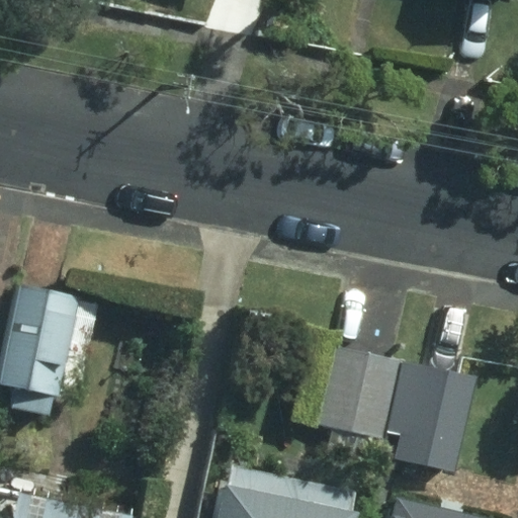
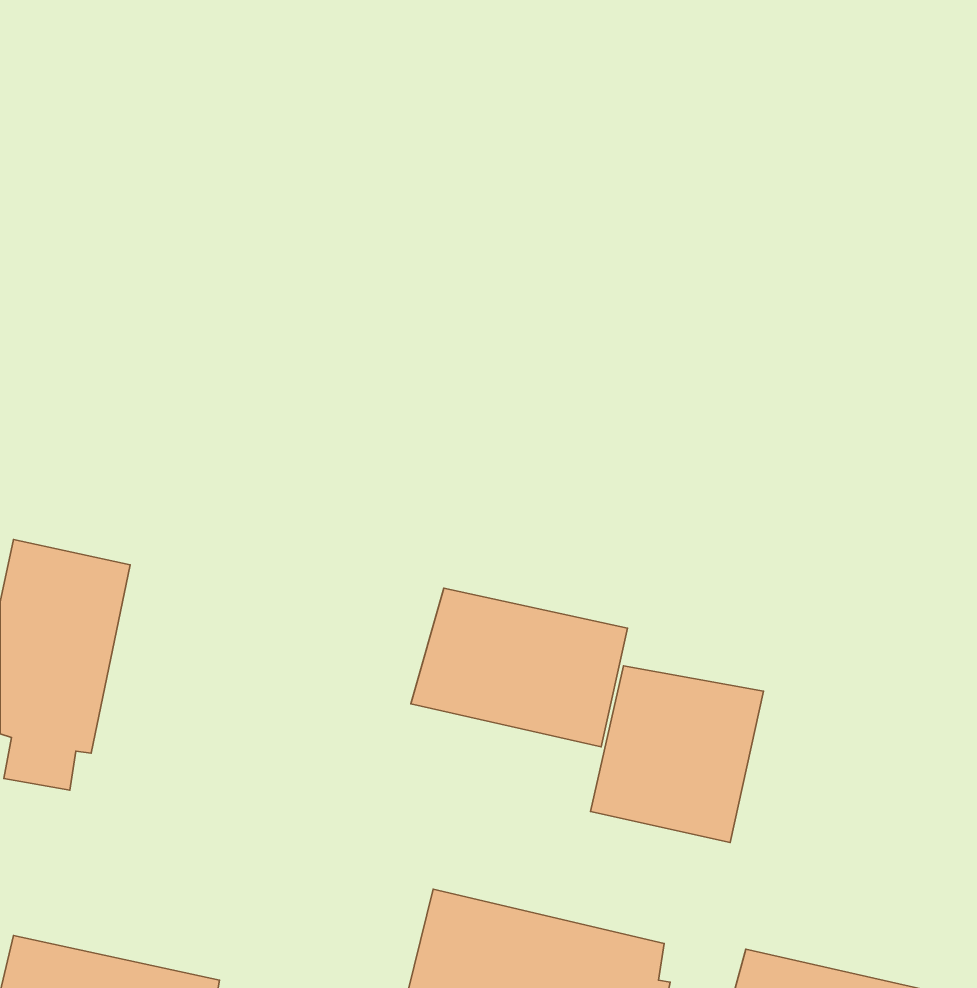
building: none -> [411,588,627,747]
building: [388,362,481,468] -> none

